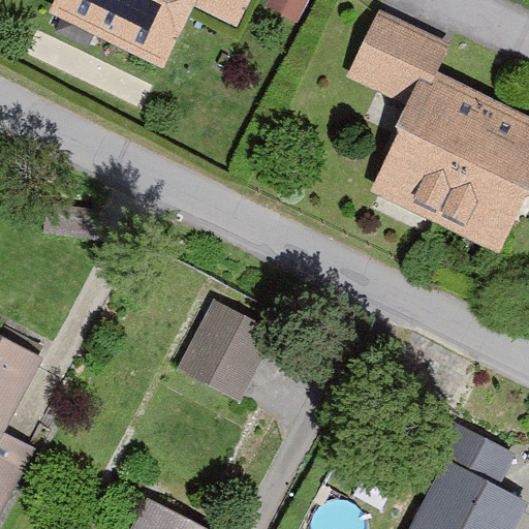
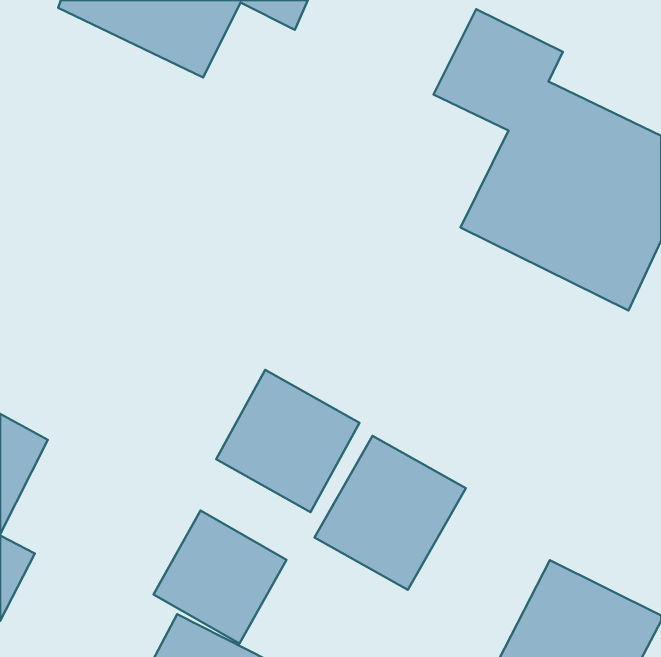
building: none -> [314,436,466,590]
building: none -> [153,511,287,644]

